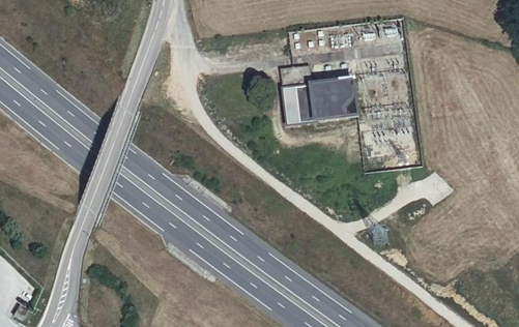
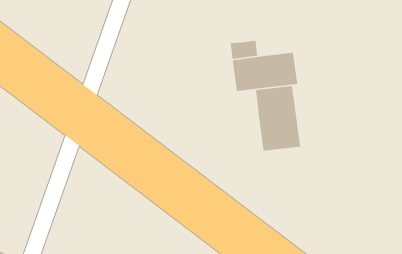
building: none -> [255,85,301,152]

